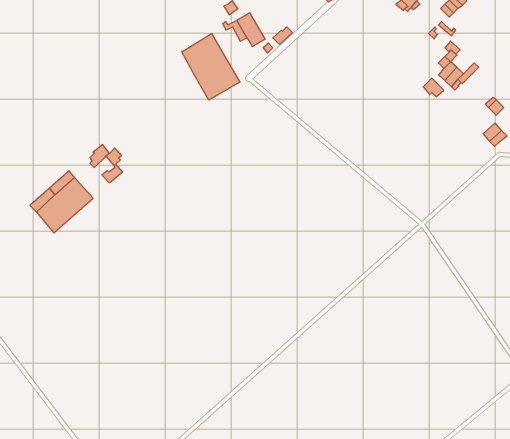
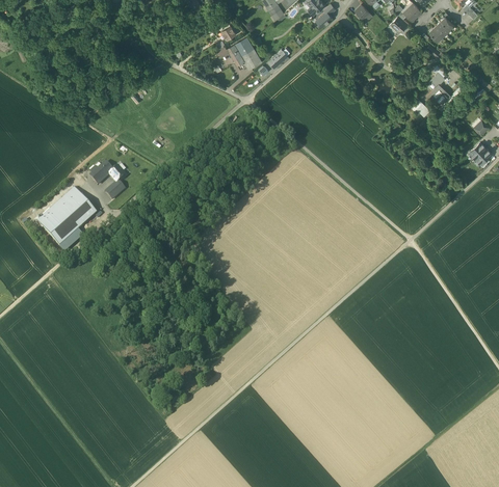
building: [182,34,240,100] -> none

